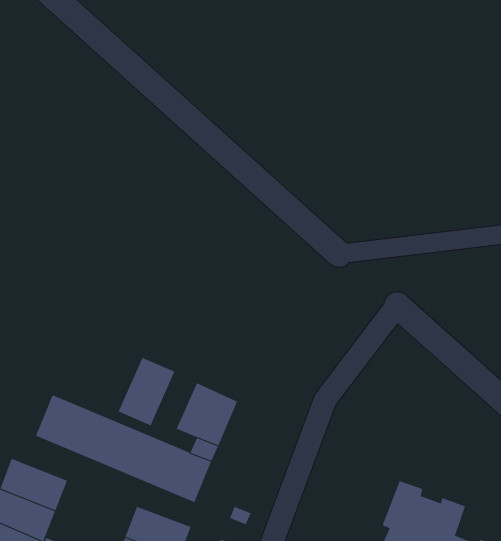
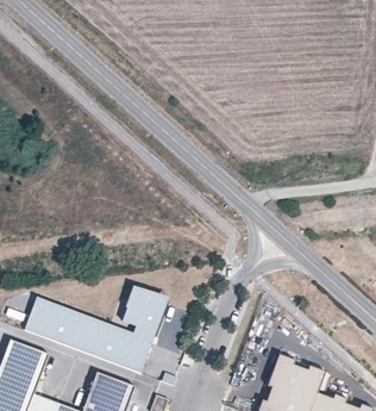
building: [118,357,175,426] -> none

